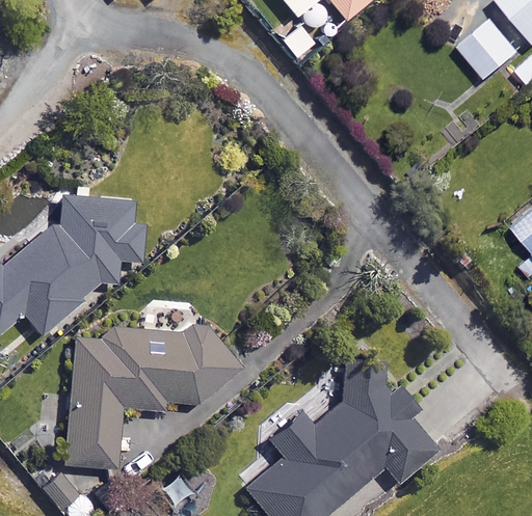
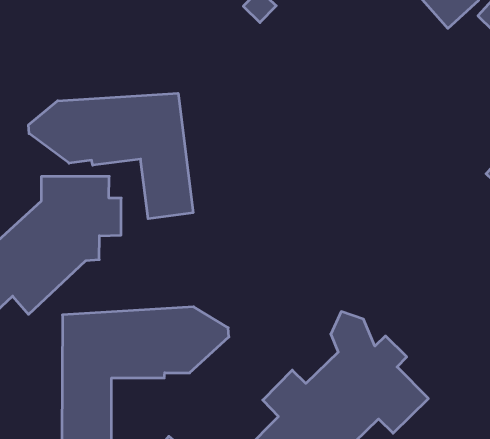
building: none -> [29,93,193,219]

